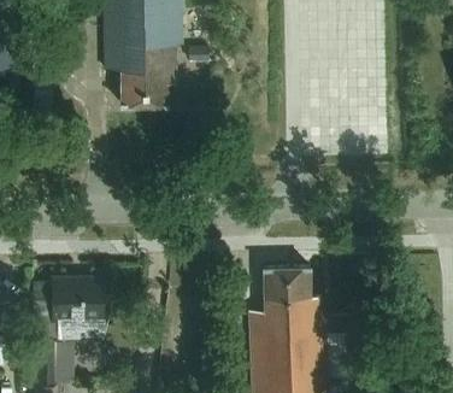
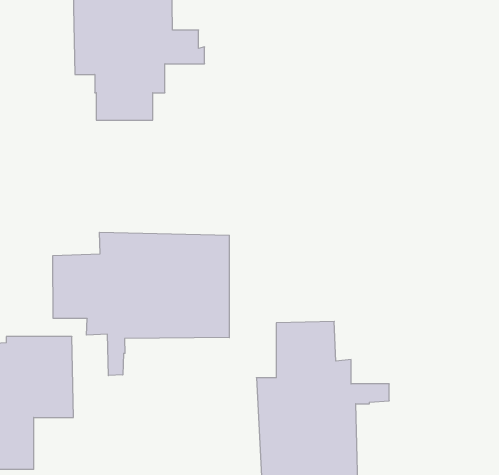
building: none -> [53,232,229,376]

